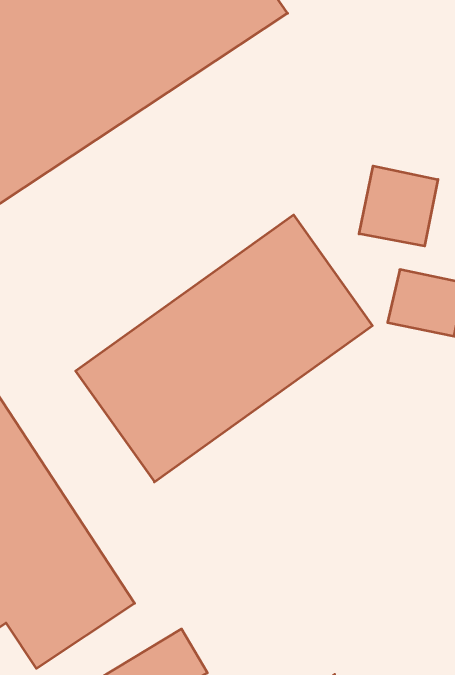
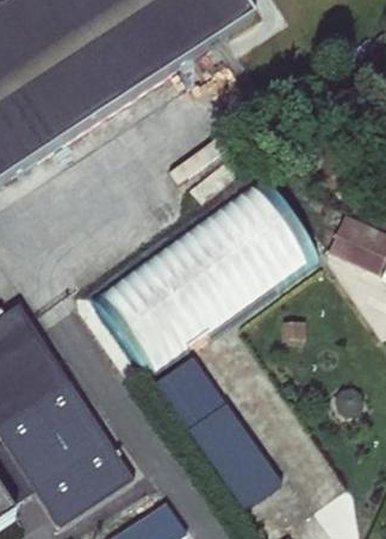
building: [359,166,438,246] -> none
building: none -> [154,355,284,510]

